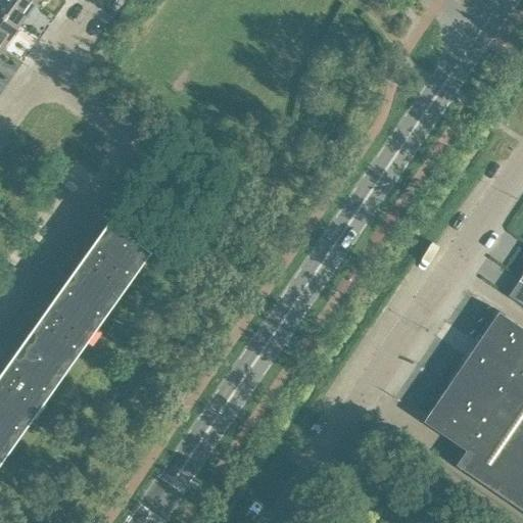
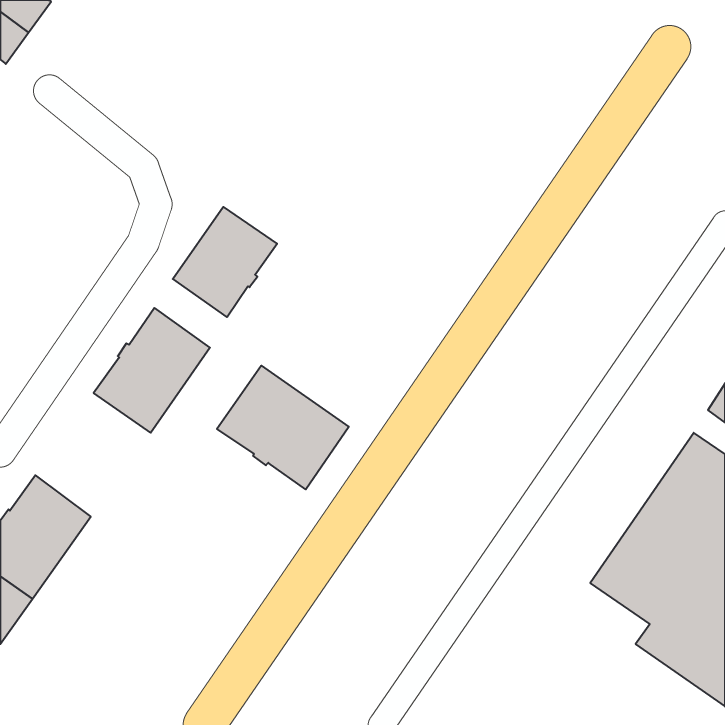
building: none -> [173,207,277,317]
building: none -> [217,366,349,489]
building: [26,283,108,372] -> none

